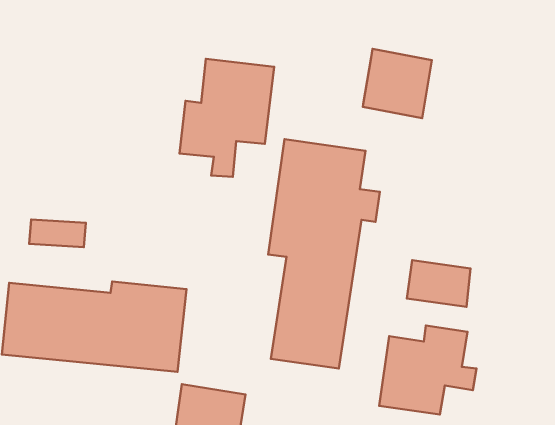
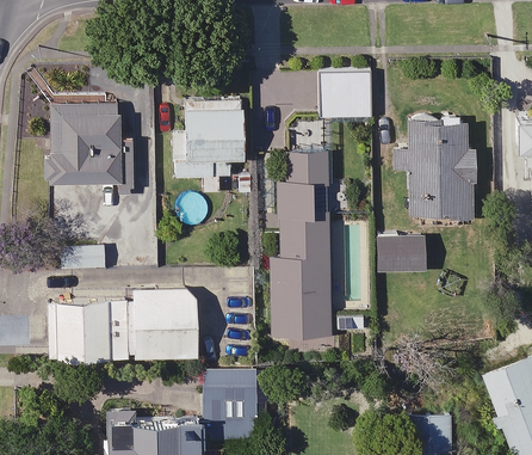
building: none -> [51,99,132,195]
building: none -> [407,127,475,219]
building: [379,326,477,415] -> none

